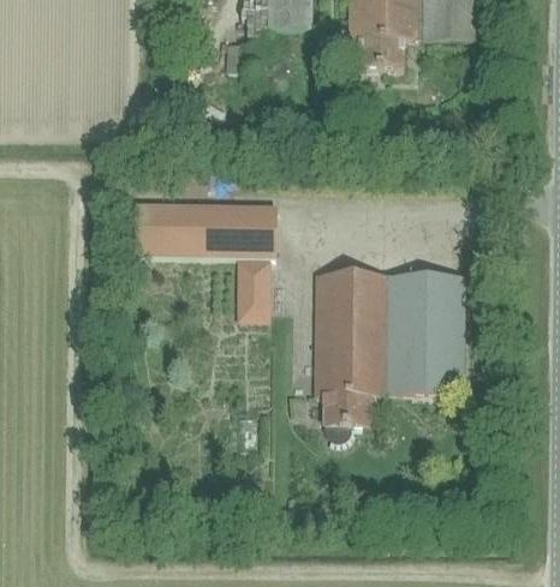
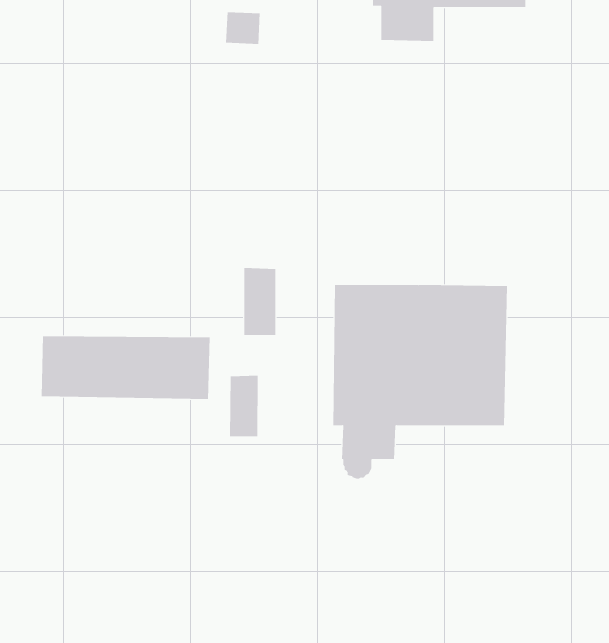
building: [131,202,275,256] -> [41,336,210,399]
building: none -> [229,375,258,437]

